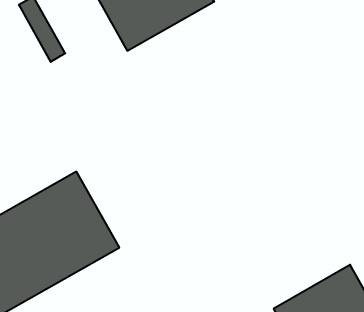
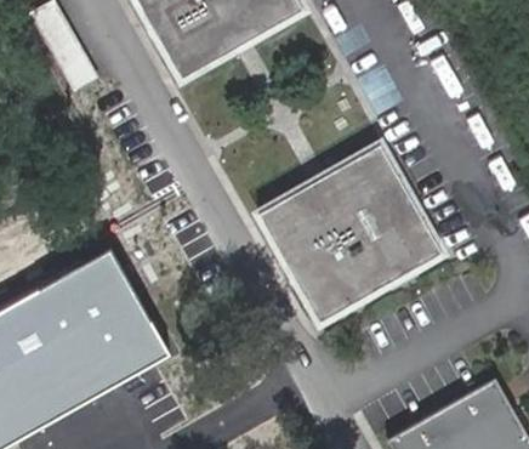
building: none -> [258,144,442,322]

